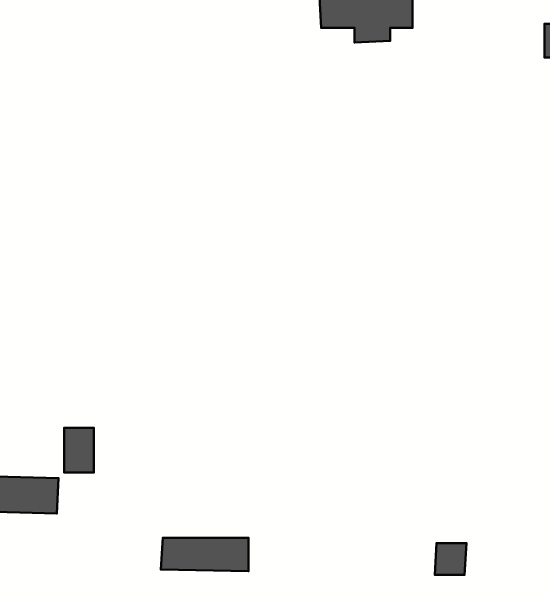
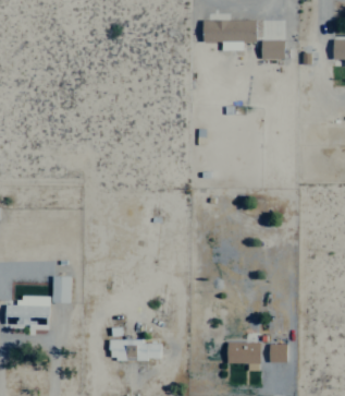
building: none -> [261,38,285,57]
building: none -> [227,341,261,370]

